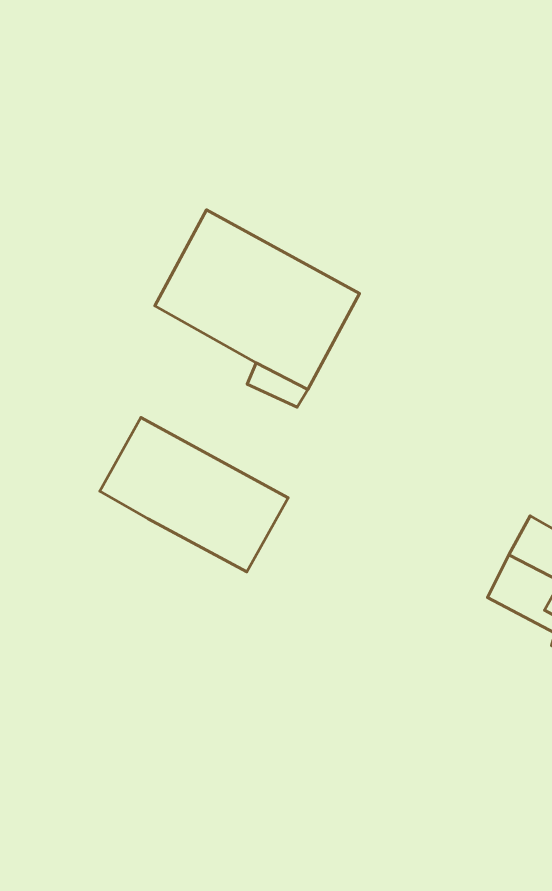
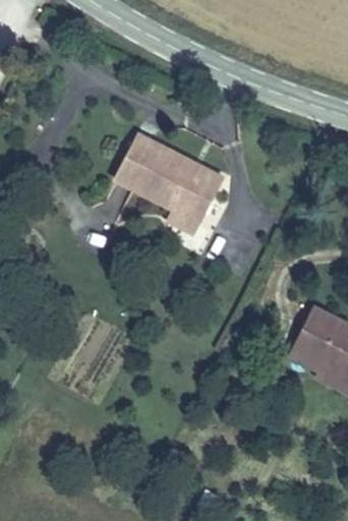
building: [100,417,288,572] -> none

